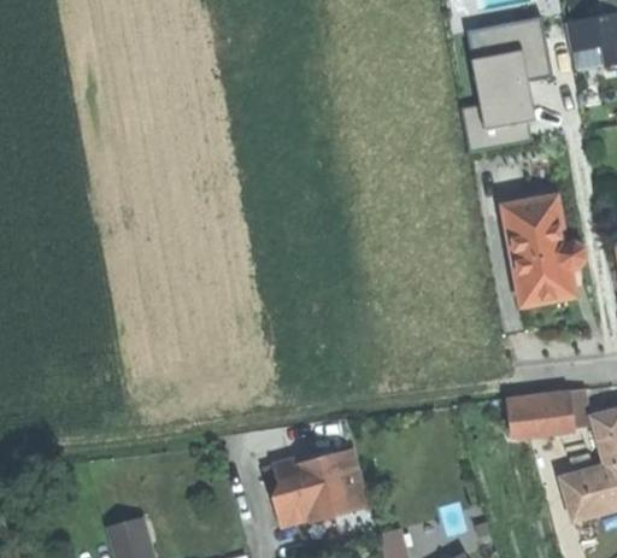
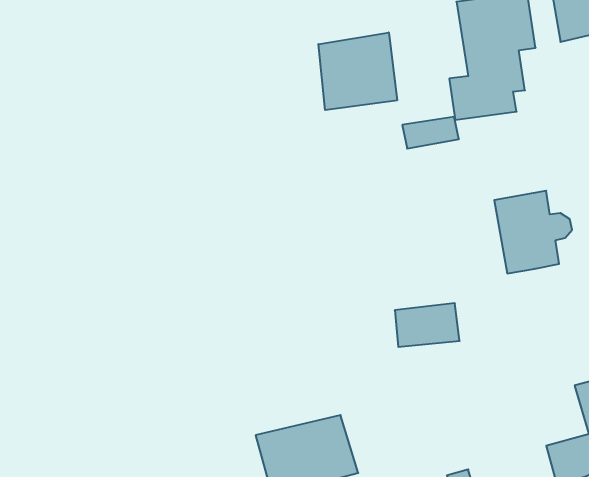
building: none -> [318,32,397,110]
building: [505,198,563,230] -> [402,117,459,149]
building: [506,392,572,436] -> [395,303,460,347]

